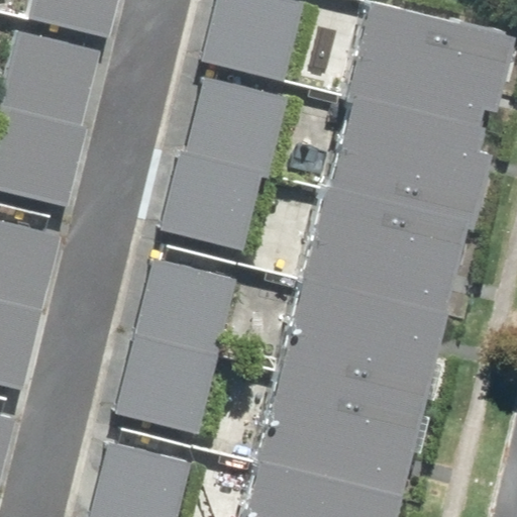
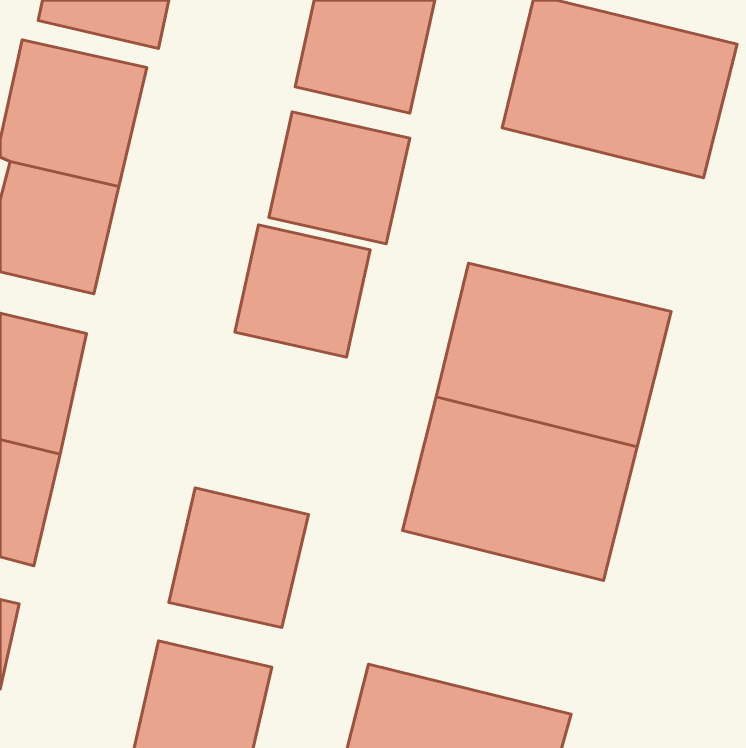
building: [325,90,487,216] -> none
building: [139,260,233,351] -> none
building: [256,367,418,493] -> none

